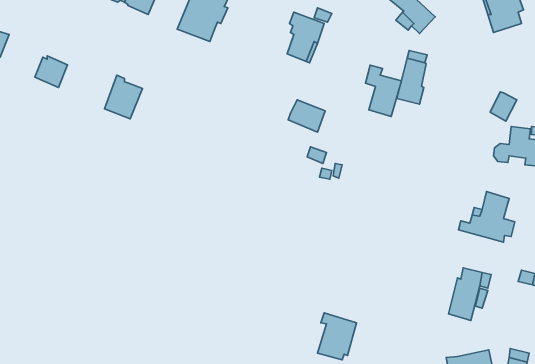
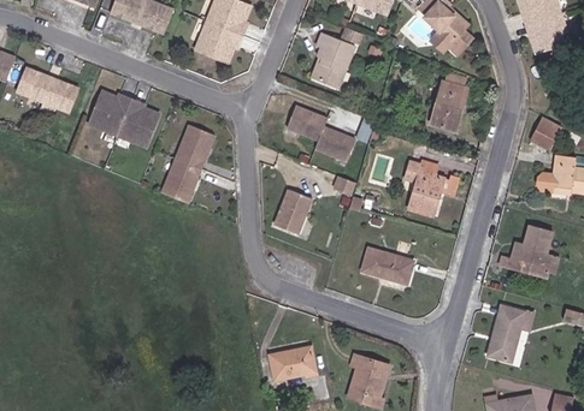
building: none -> [16,66,51,101]
building: [366,65,401,117] -> [403,160,442,215]
building: none -> [88,90,130,135]
building: none -> [285,105,326,139]
building: none -> [161,123,213,201]
building: none -> [273,189,311,233]
building: none -> [360,248,412,282]
building: none -> [267,345,315,380]

